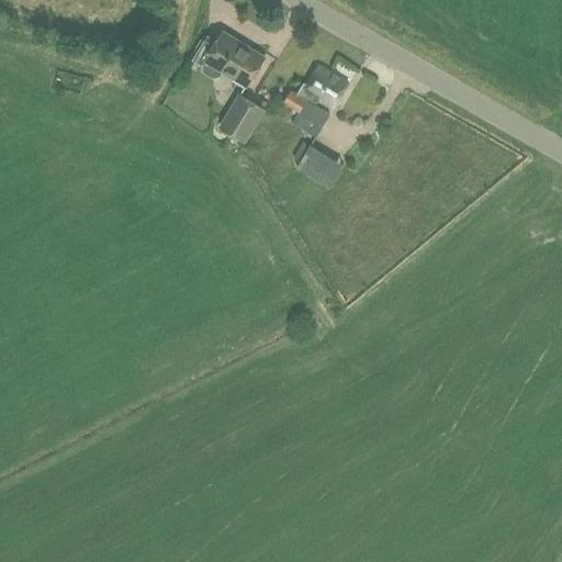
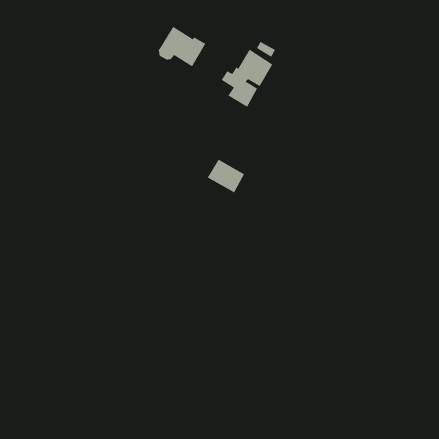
building: [217,92,267,143] -> none
building: [295,144,344,188] -> [207,159,245,193]

